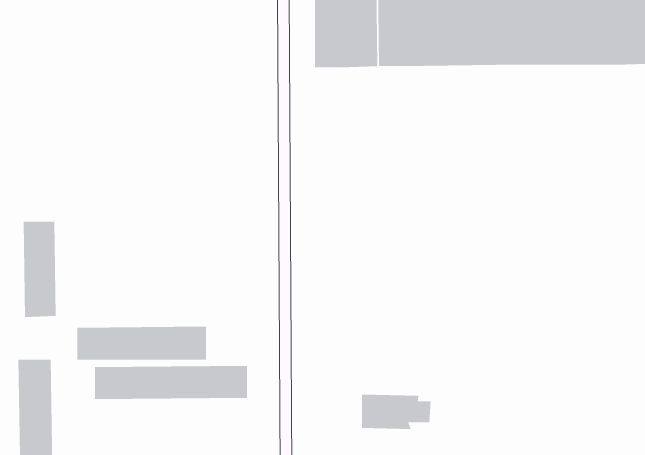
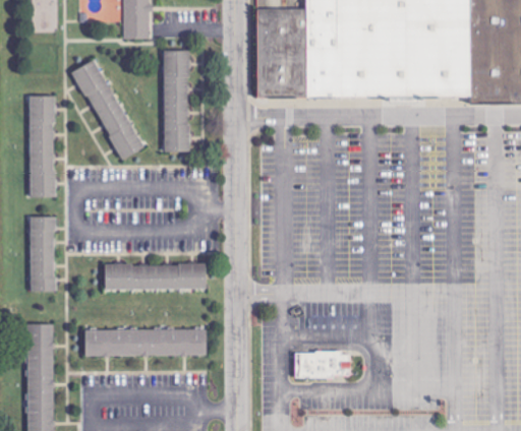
building: none -> [162,49,190,151]
building: none -> [69,58,143,161]
building: none -> [28,95,56,196]
building: [77,326,207,360] -> [104,262,206,289]

